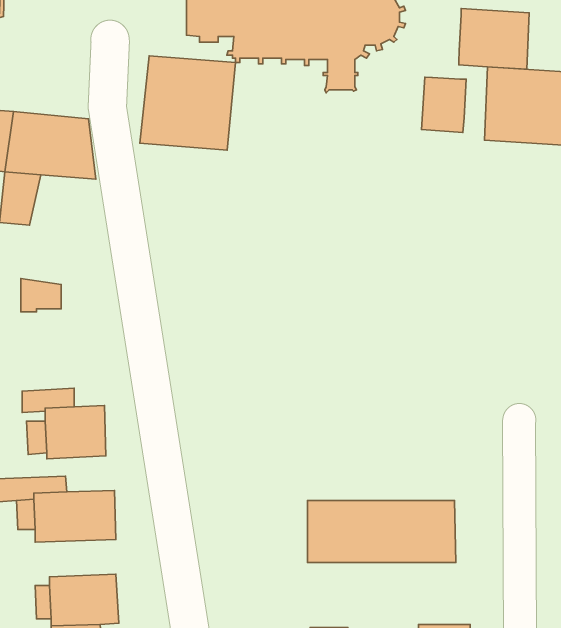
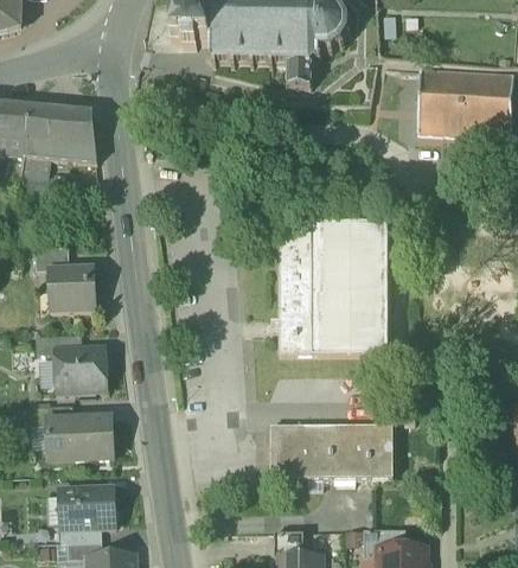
building: [459,8,529,69] -> none
building: [140,56,235,150] -> none
building: [422,77,466,133] -> none
building: none -> [279,221,388,353]
building: none -> [49,266,96,311]

